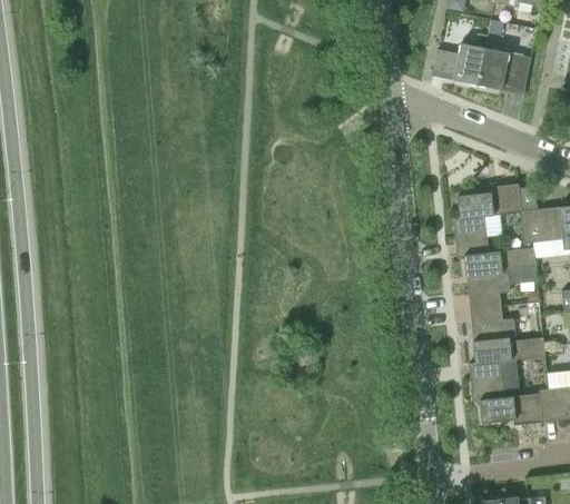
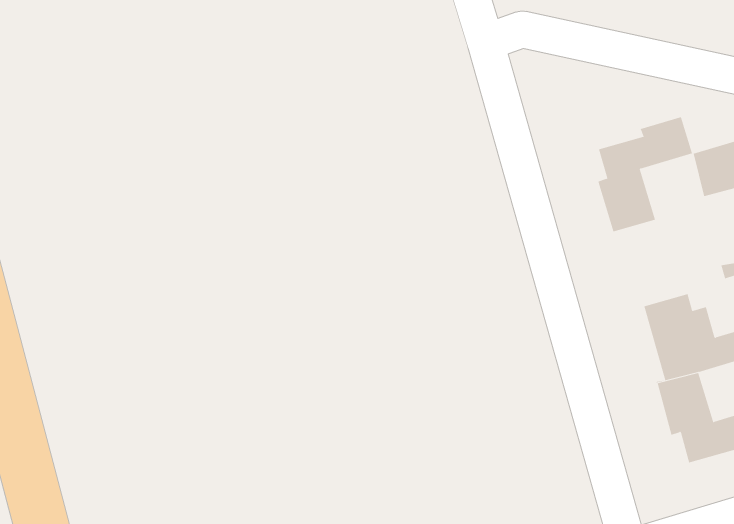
building: [458,247,537,309] -> none

